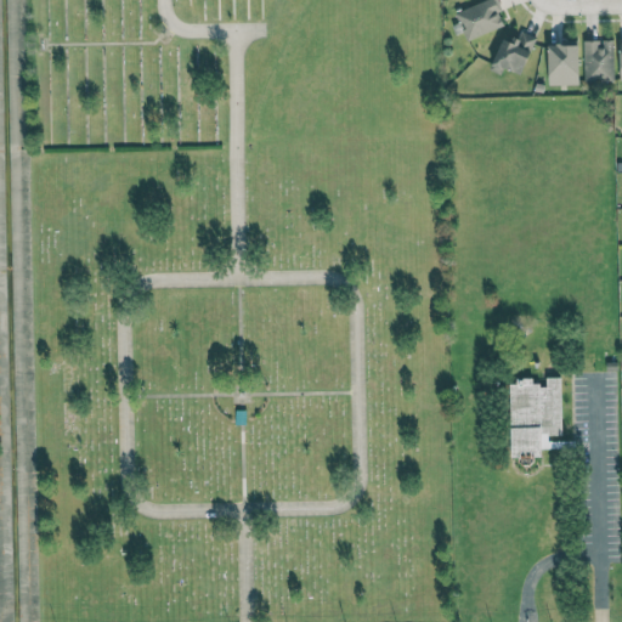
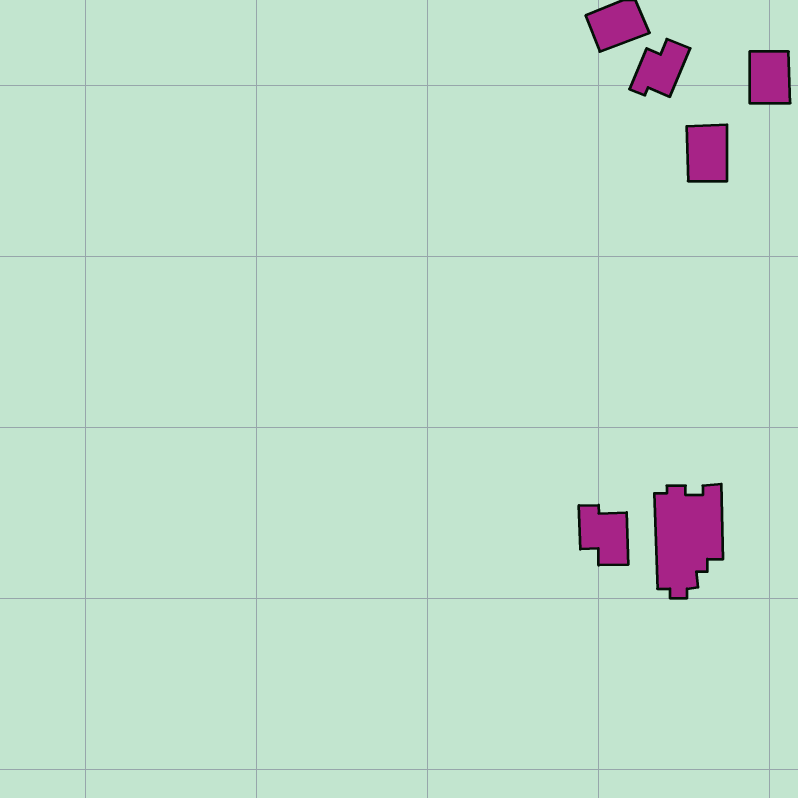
building: [548,41,579,85] -> [687,125,727,181]
building: none -> [579,505,628,565]

